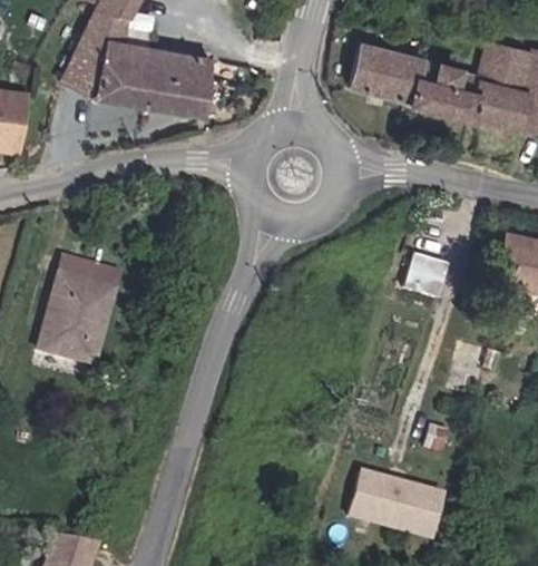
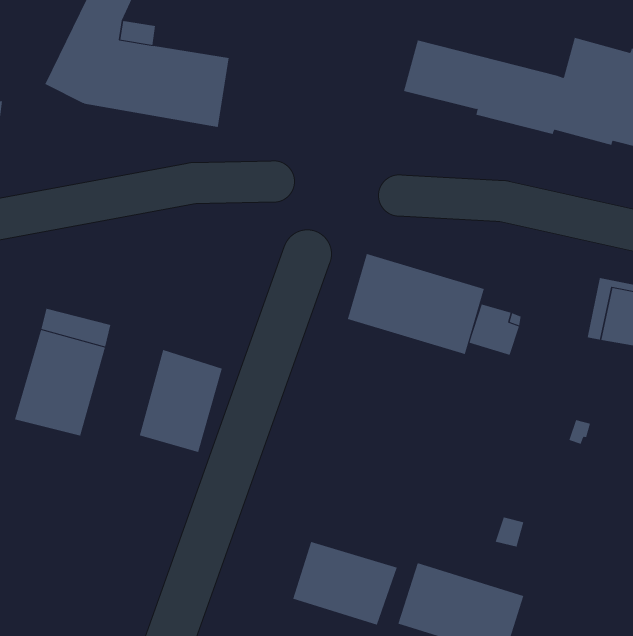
building: none -> [347,253,484,355]
building: none -> [139,349,222,453]
building: none -> [293,541,397,626]

